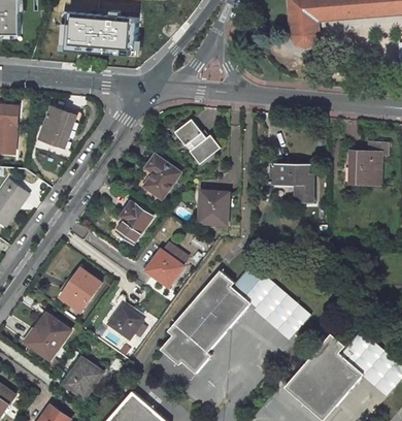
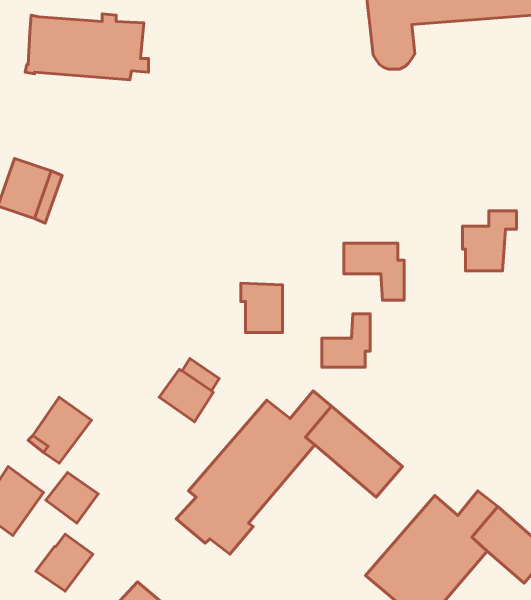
building: [176,118,223,163] -> none
building: [145,153,181,197] -> none
building: [118,201,152,241] -> none
building: none -> [322,314,370,367]
building: [107,304,142,338] -> [46,472,98,523]

